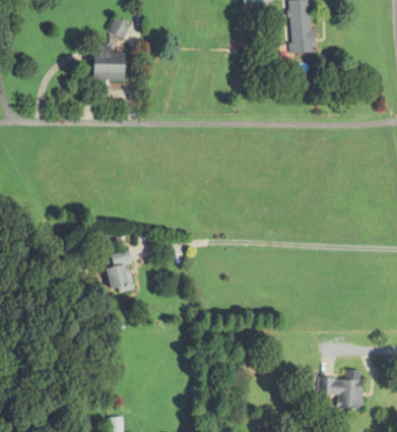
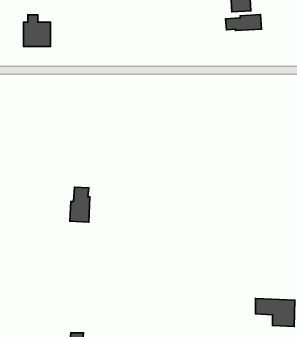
building: [94,45,125,80] -> [23,15,50,46]
building: none -> [225,15,262,30]

